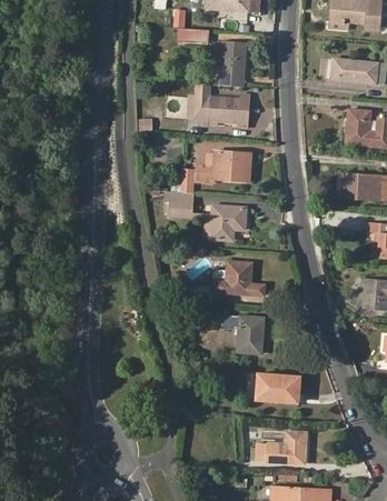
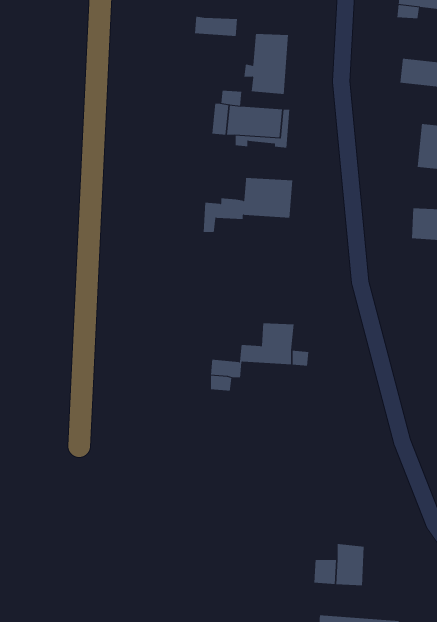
building: [165,191,247,241] -> none
building: [224,315,265,354] -> none
building: [257,374,298,402] -> none

